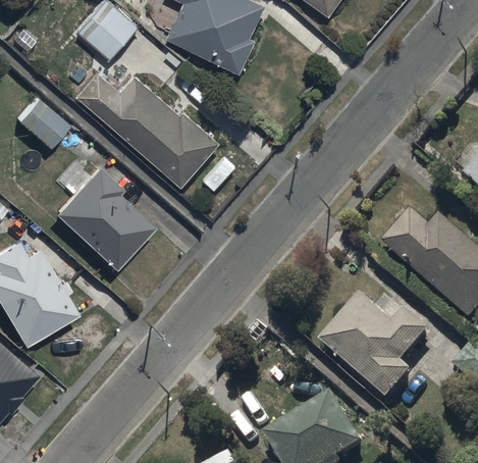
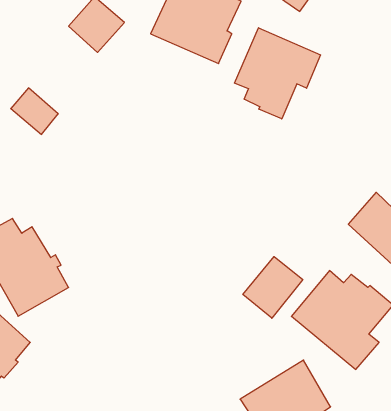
building: none -> [235,28,321,119]
building: [76,68,221,187] -> none
building: [53,166,152,269] -> none
building: none -> [243,257,303,318]

